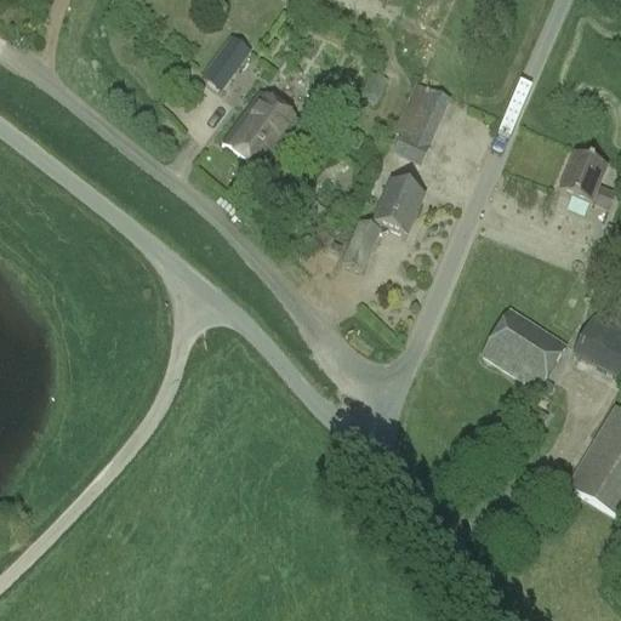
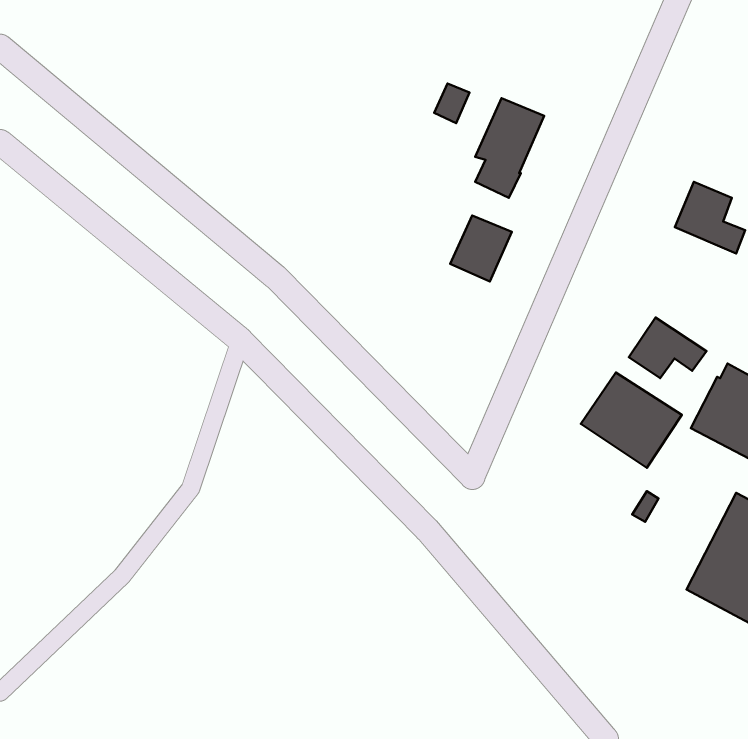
building: [211,34,250,76] -> none
building: [222,89,302,170] -> none
building: [342,218,380,268] -> none
building: none -> [629,317,706,378]

